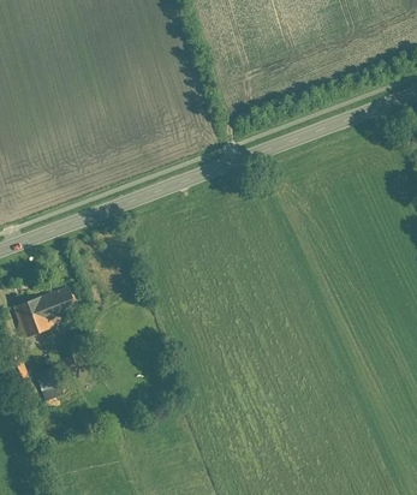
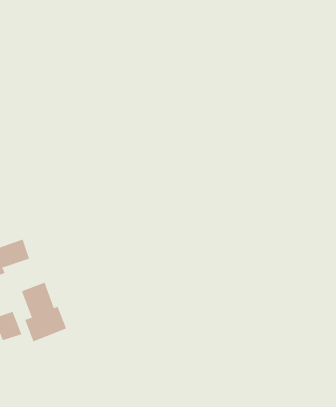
building: none -> [21,282,67,342]

